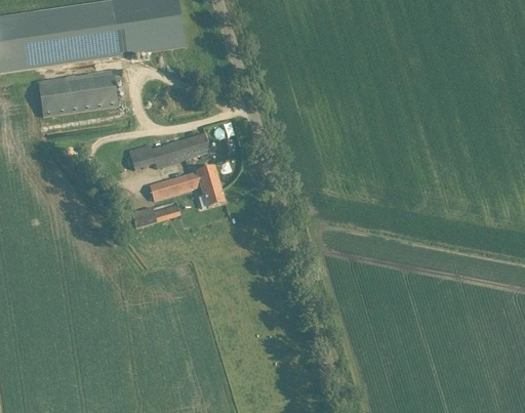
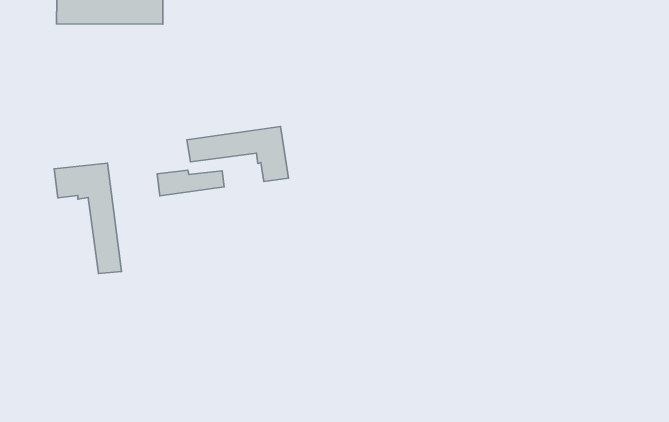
building: [128,128,211,169] -> none
building: none -> [54,163,122,274]

